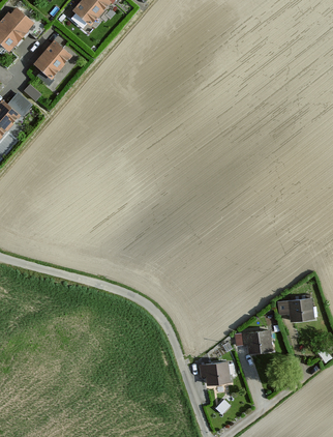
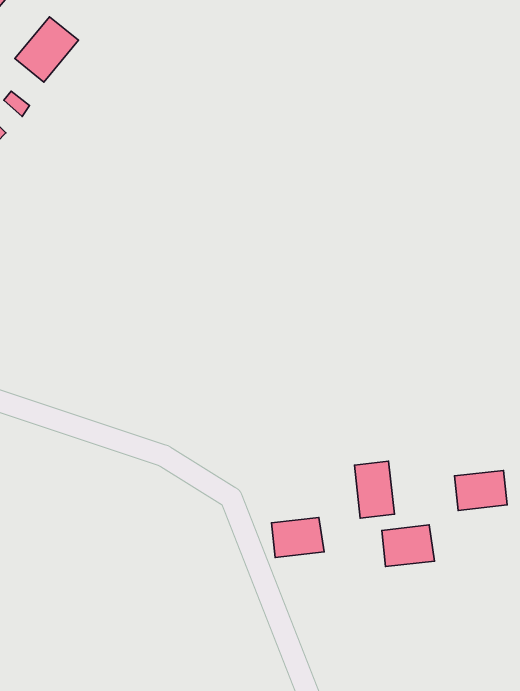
building: none -> [354,461,395,518]
building: [201,362,231,385] -> [271,517,324,557]

